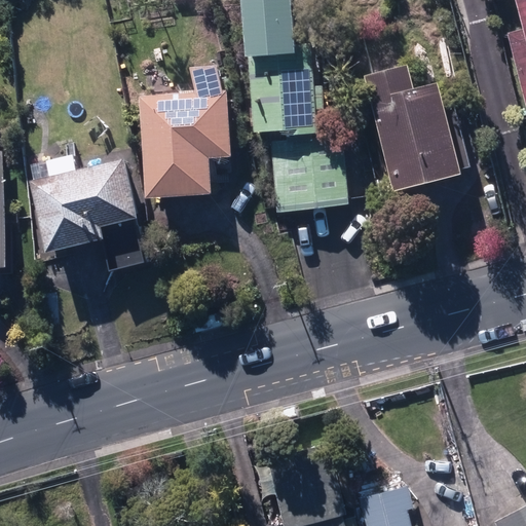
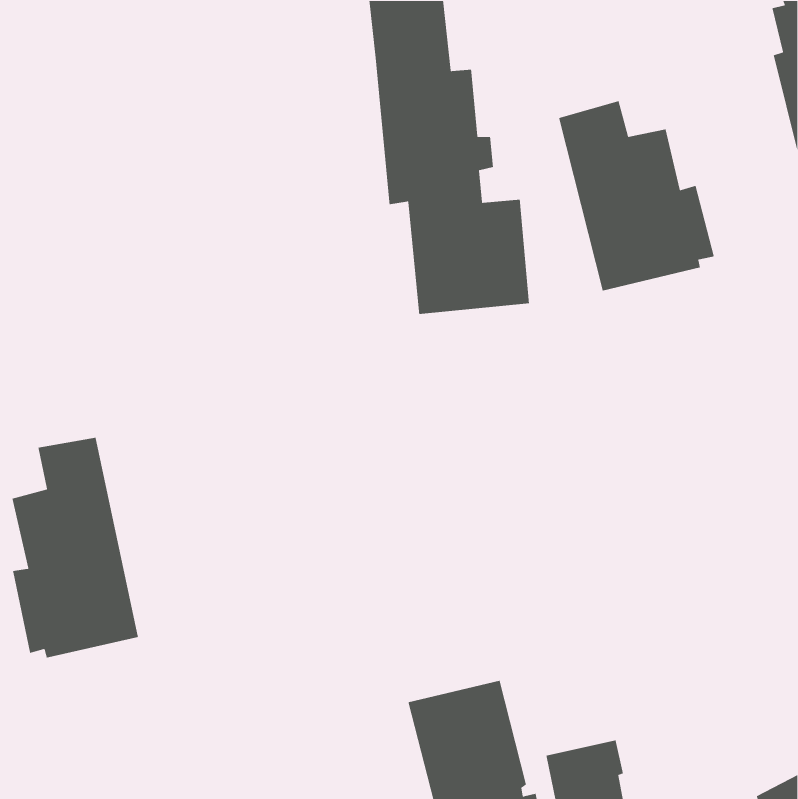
building: [140,69,230,199] -> none
building: [30,162,145,272] -> none
building: none -> [11,437,139,659]

